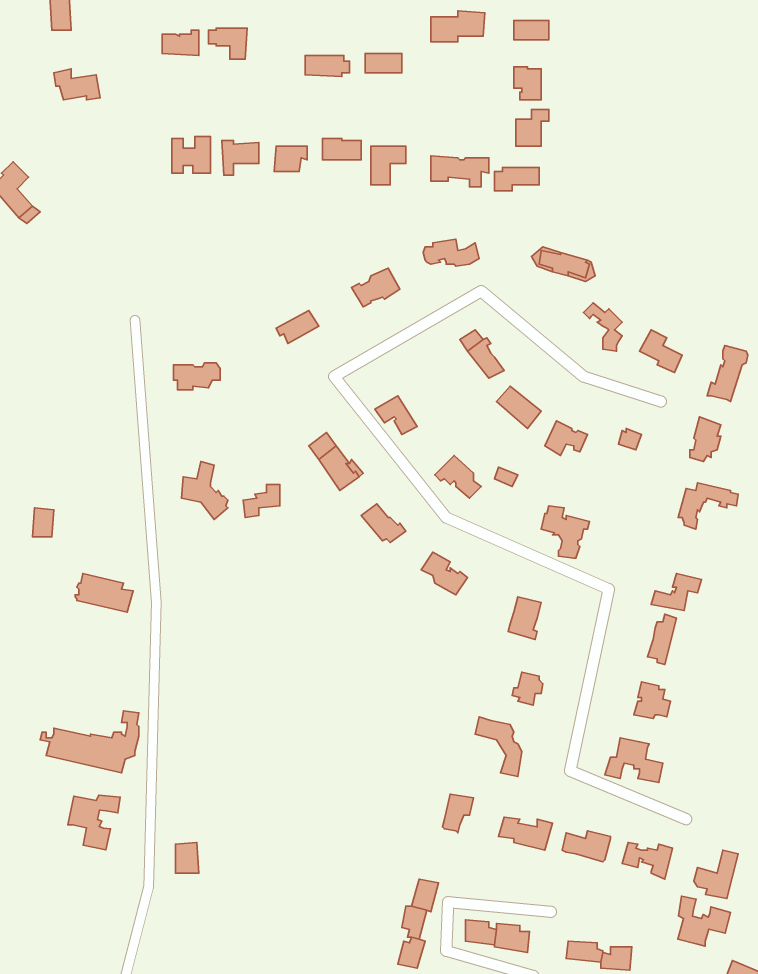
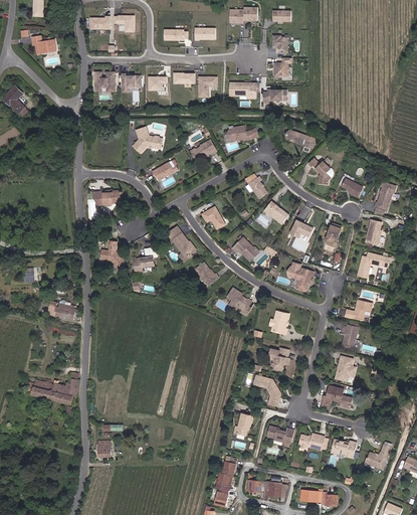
building: none -> [131,126,162,152]
building: [68,795,120,850] -> none
building: [678,896,731,946] -> none

